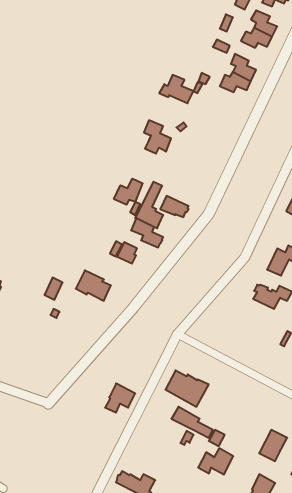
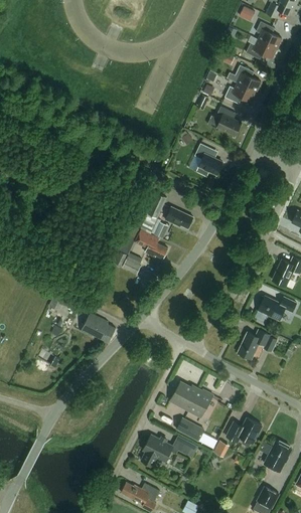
building: [159,75,194,103] -> [207,107,242,135]
building: [144,120,171,154] -> [195,144,222,177]
building: [114,179,143,205] -> none
building: [76,270,111,301] -> [81,313,116,343]
building: none -> [238,330,278,359]
building: [105,383,135,413] -> [142,437,172,466]
building: [198,448,233,474] -> [227,417,262,444]

